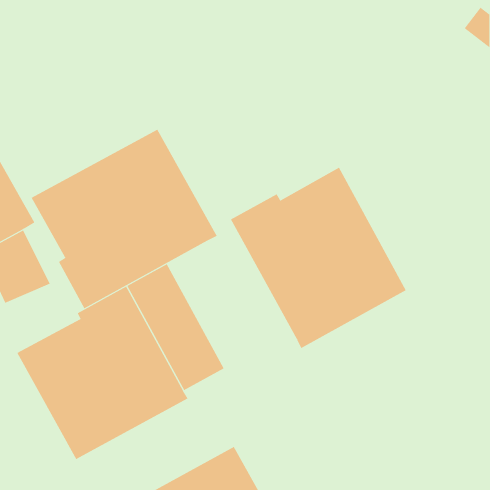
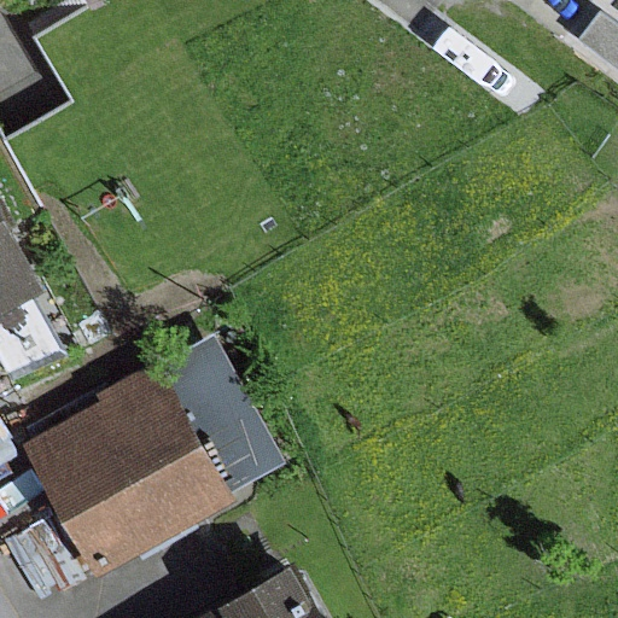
building: [31,129,217,309] -> none
building: [230,167,406,349] -> none

